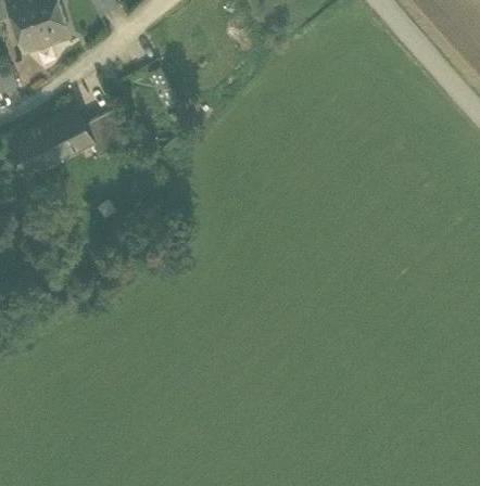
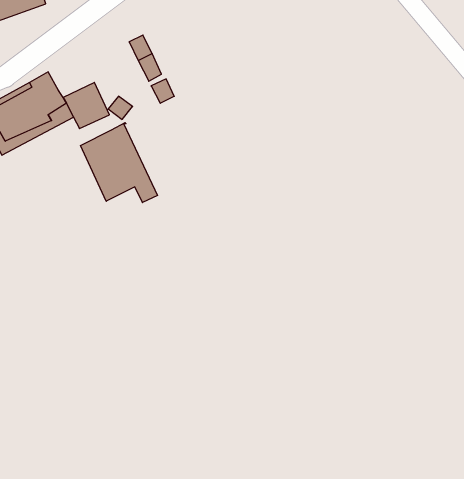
building: none -> [80,123,157,203]

